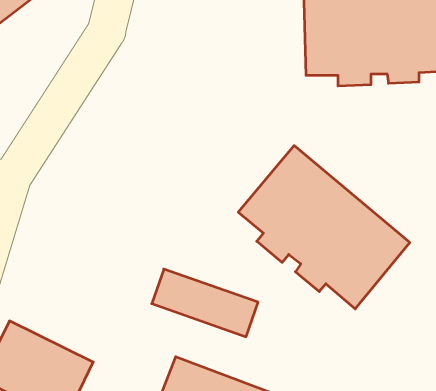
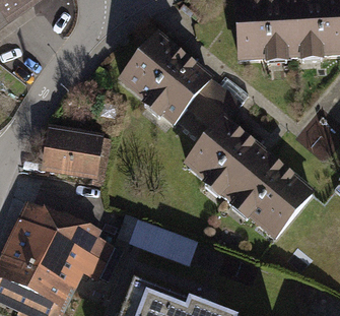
building: none -> [118,33,241,131]
building: none -> [46,123,108,169]
building: none -> [9,199,114,282]

